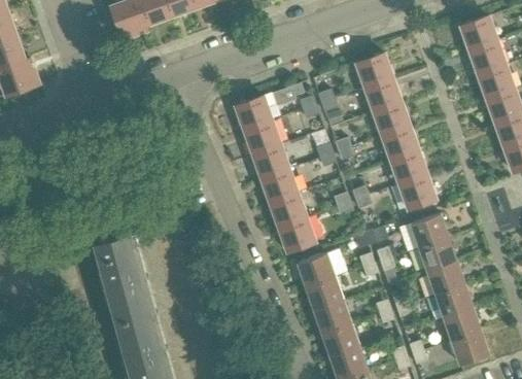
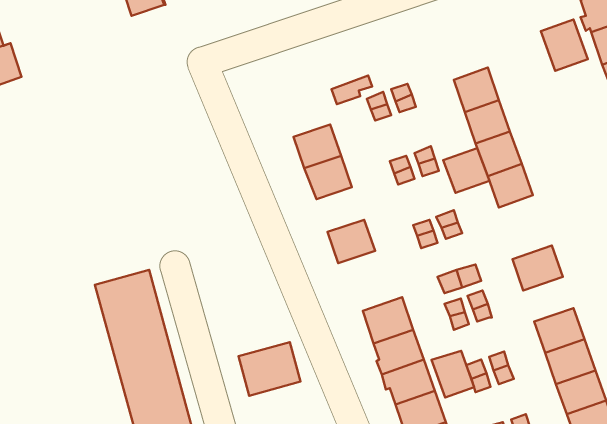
building: none -> [541,19,588,71]
building: [356,55,394,88] -> none
building: [236,97,272,131] -> none
building: [262,169,298,203] -> none
building: [399,175,434,209] -> [443,148,489,193]
building: [278,217,314,252] -> none
building: [418,237,456,271] -> none
building: none -> [238,342,301,396]
building: none -> [431,351,474,397]

